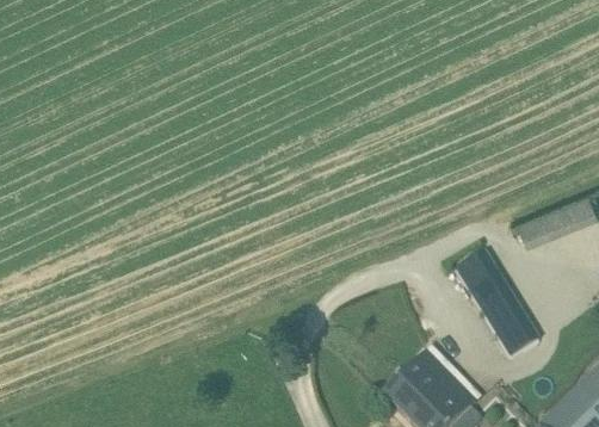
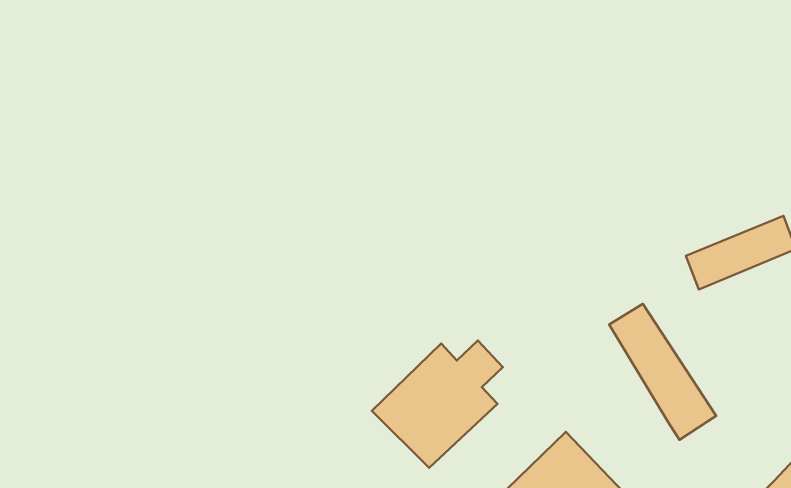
building: none -> [372,340,503,468]

